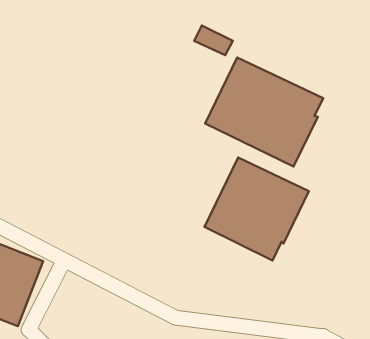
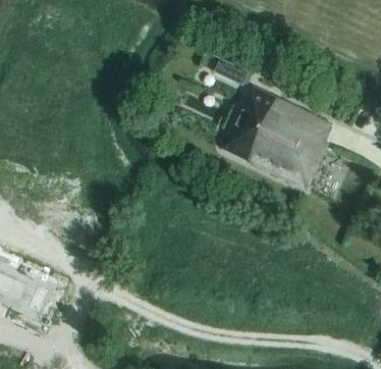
building: [205,158,309,261] -> none

